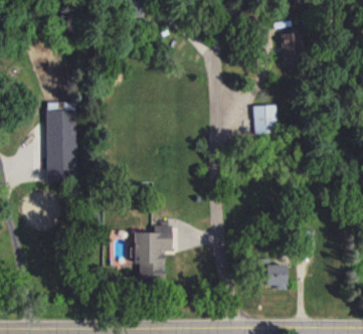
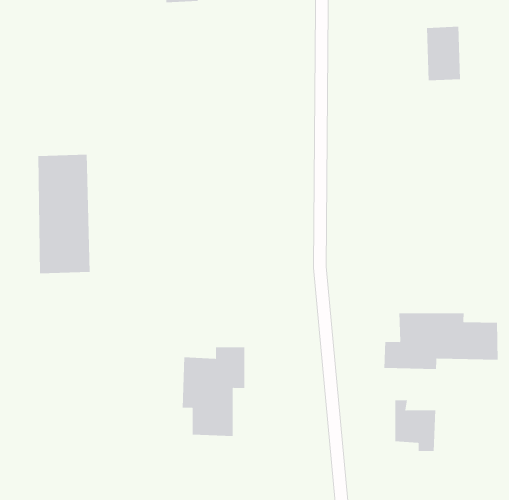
building: [253,104,278,134] -> none
building: none -> [384,312,498,370]

